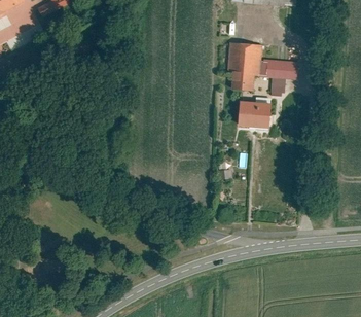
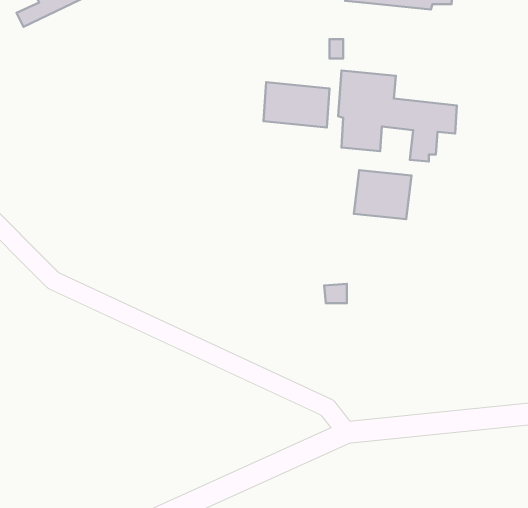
building: none -> [263,82,330,127]

